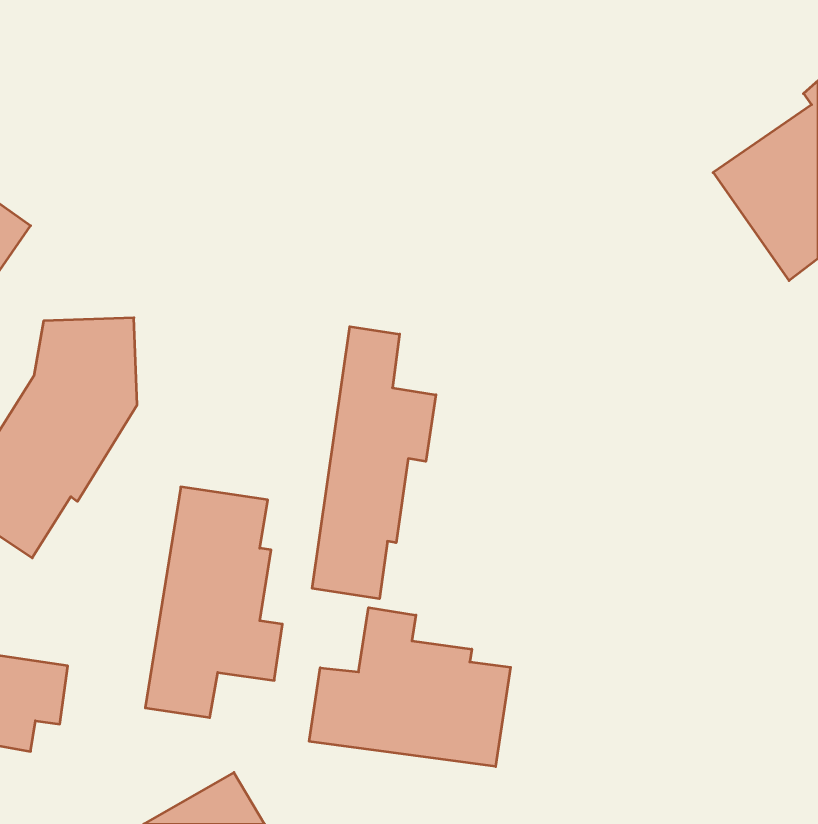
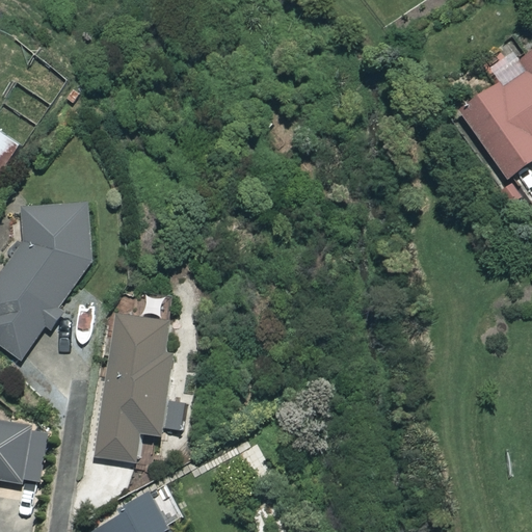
building: [312,327,436,599] -> none
building: [309,608,511,767] -> none

